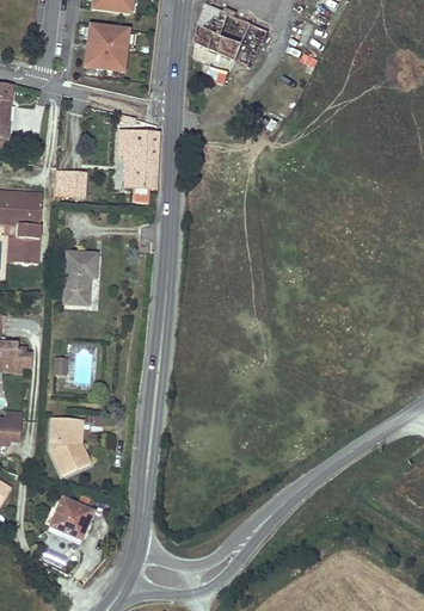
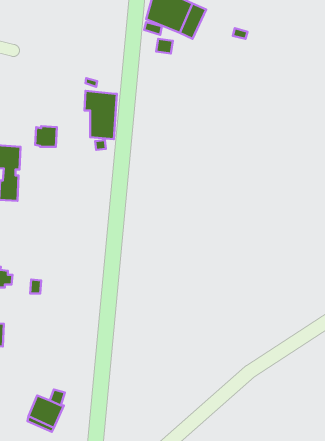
building: [86,27,129,73] -> none
building: [63,252,96,303] -> none
building: [50,414,90,473] -> none

